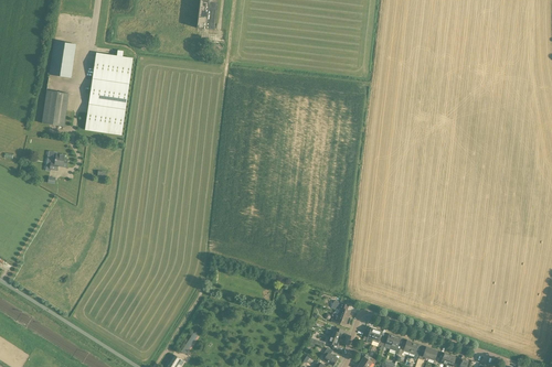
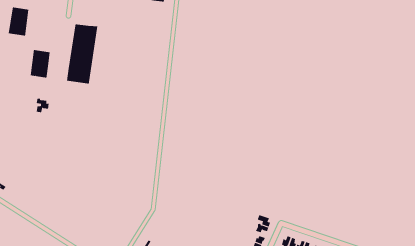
building: [47,39,75,76] -> [8,7,29,36]

